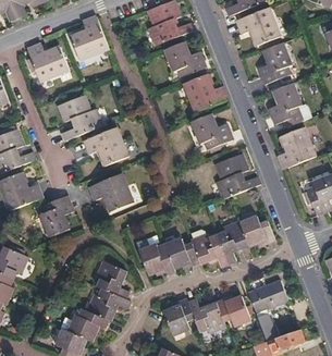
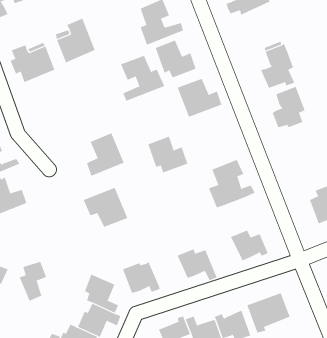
building: [239,7,281,41] -> none
building: [63,98,106,142] -> [120,55,165,101]
building: [188,114,226,149] -> [147,136,188,173]
building: [278,125,318,165] -> none
building: [50,199,76,237] -> [19,261,47,302]
building: [209,221,242,262] -> none
building: [156,241,192,270] -> none

